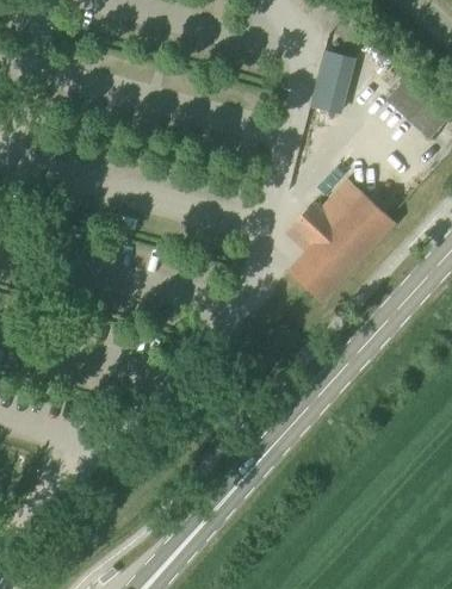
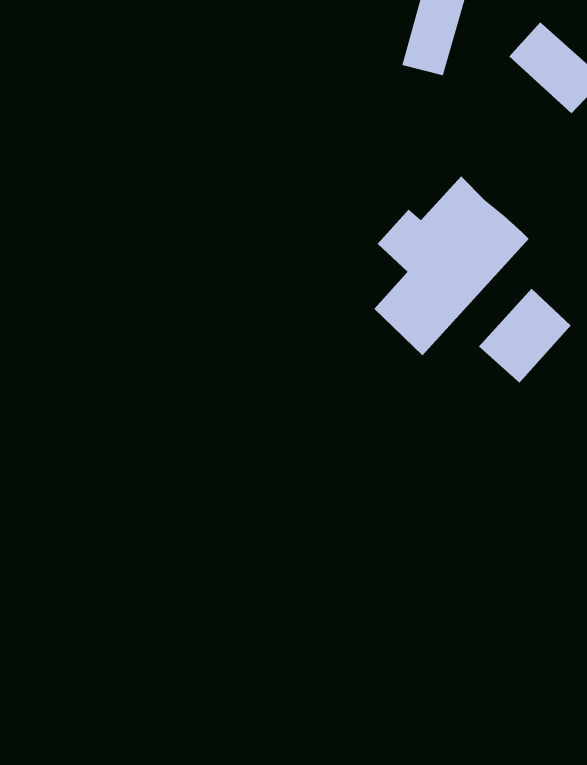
building: none -> [478,288,572,383]

